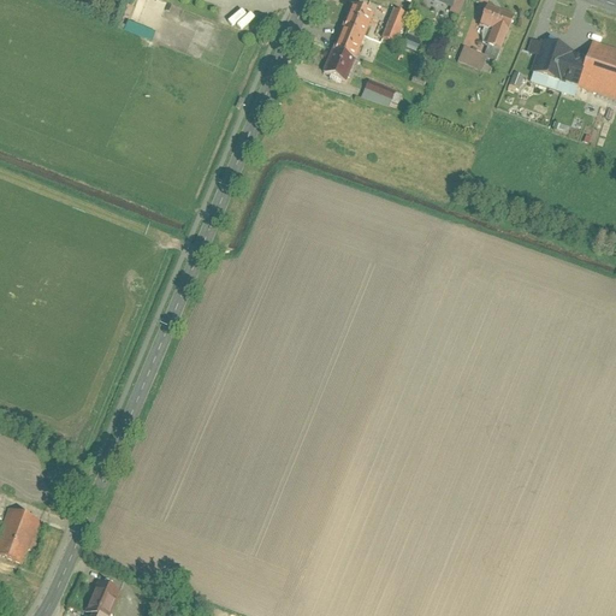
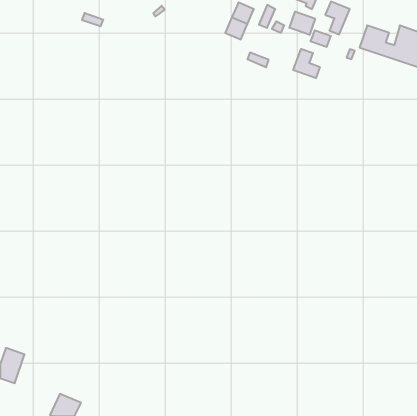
building: none -> [289,12,315,35]
building: [324,48,356,81] -> none
building: none -> [293,49,320,78]

